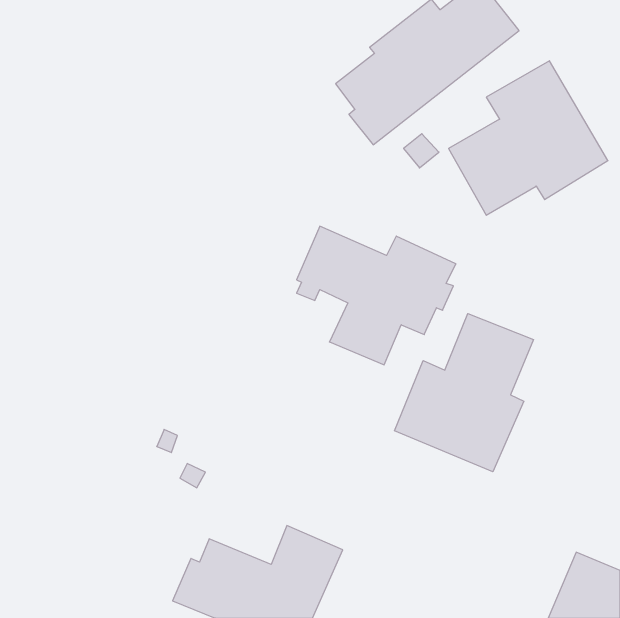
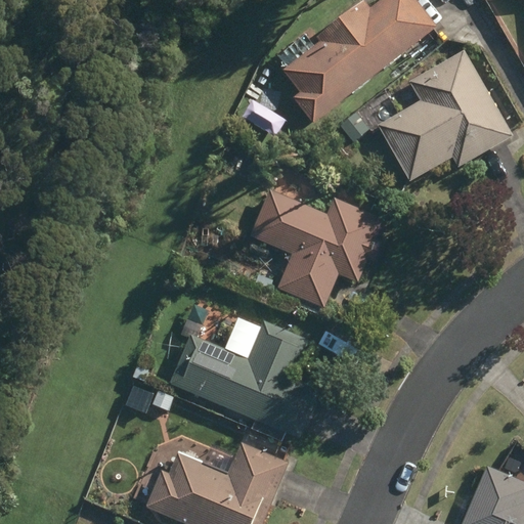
building: [394,314,534,472] -> none
building: none -> [169,321,319,437]

